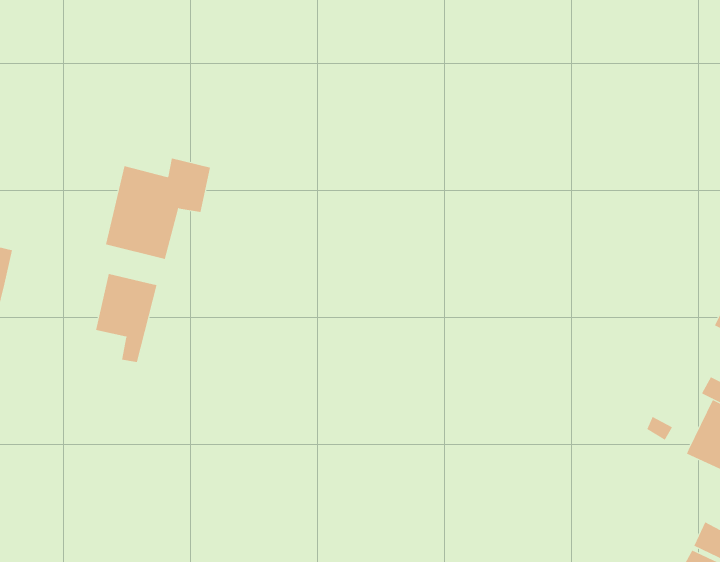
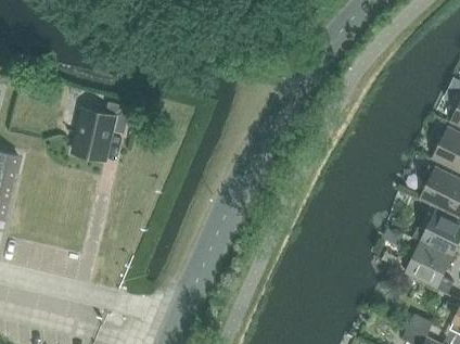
building: [96,273,157,363] -> none

